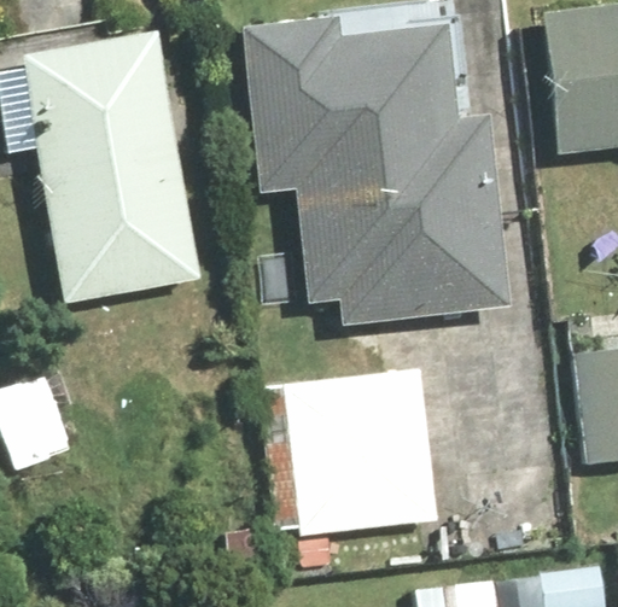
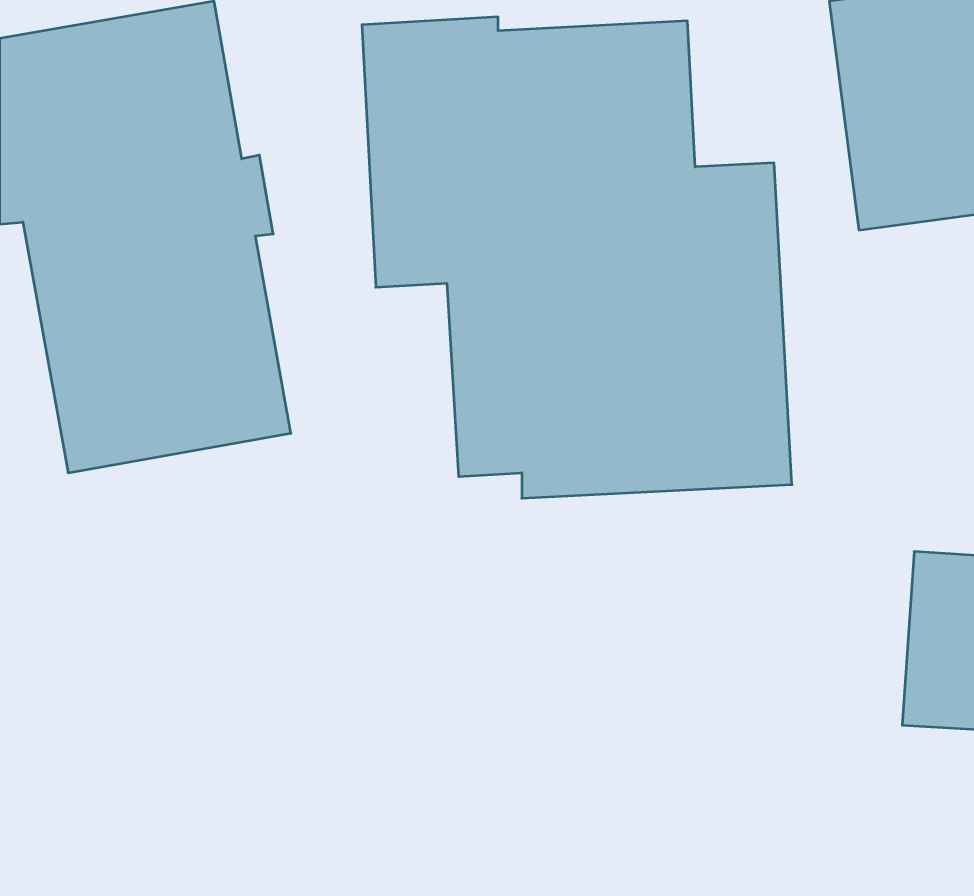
building: [263,368,435,536] -> none

